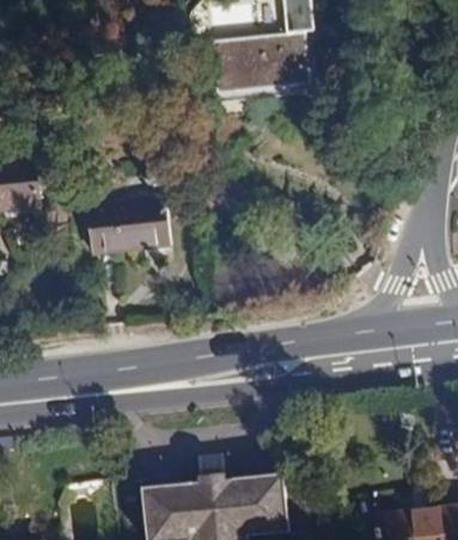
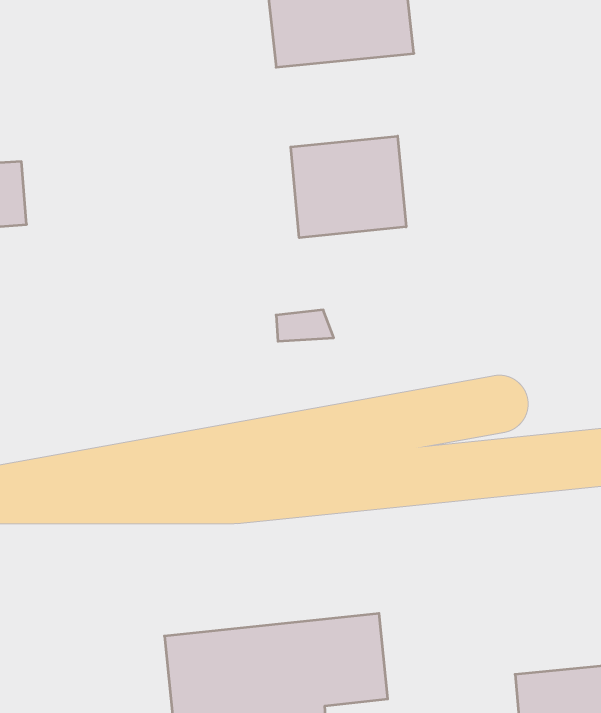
building: none -> [291,136,406,238]
building: [87,207,170,260] -> none

